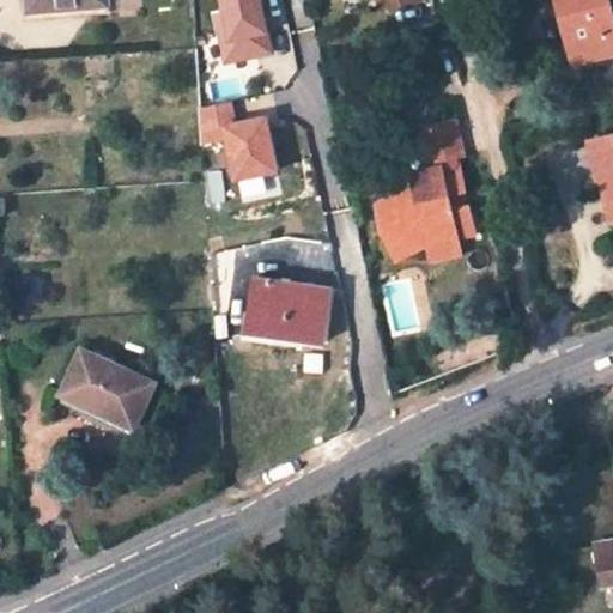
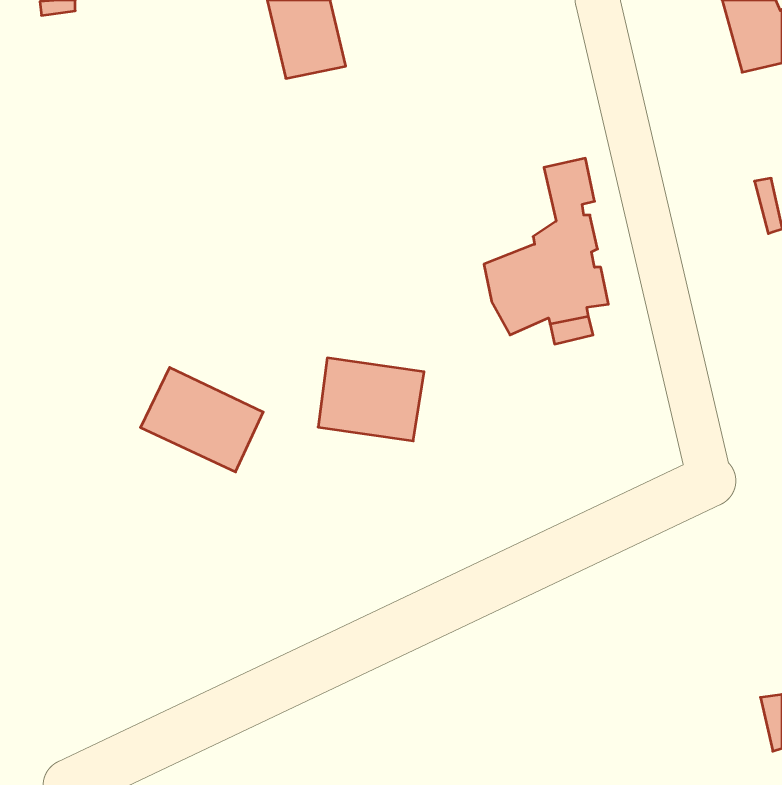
building: [194,99,272,180] -> none
building: [60,348,156,430] -> [140,367,263,472]

